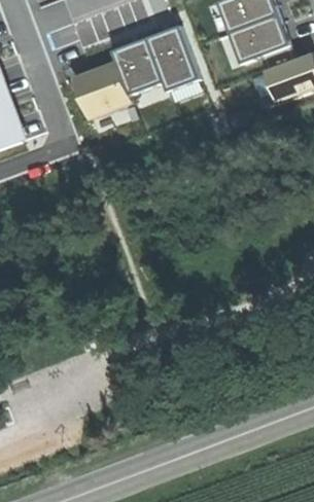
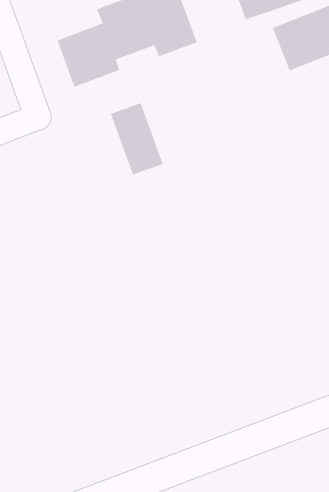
building: none -> [110,102,164,176]

